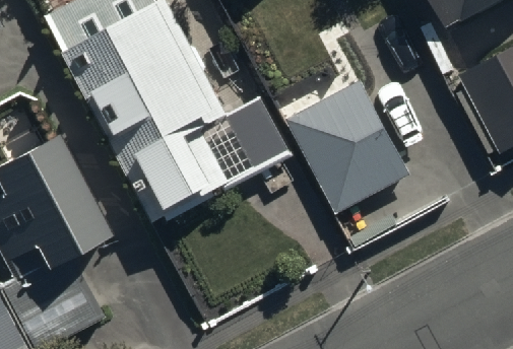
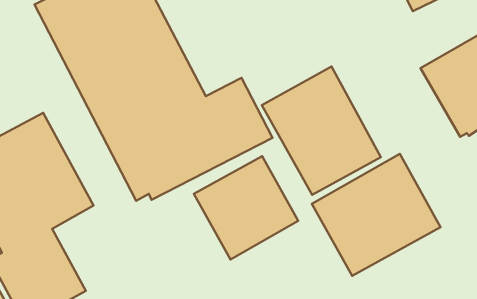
building: none -> [312,154,441,276]
building: none -> [194,156,298,259]

